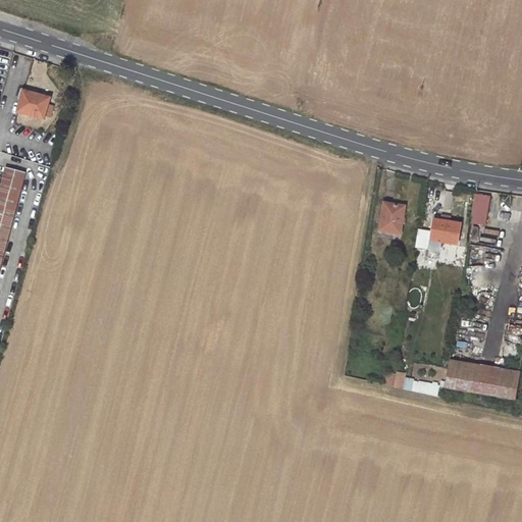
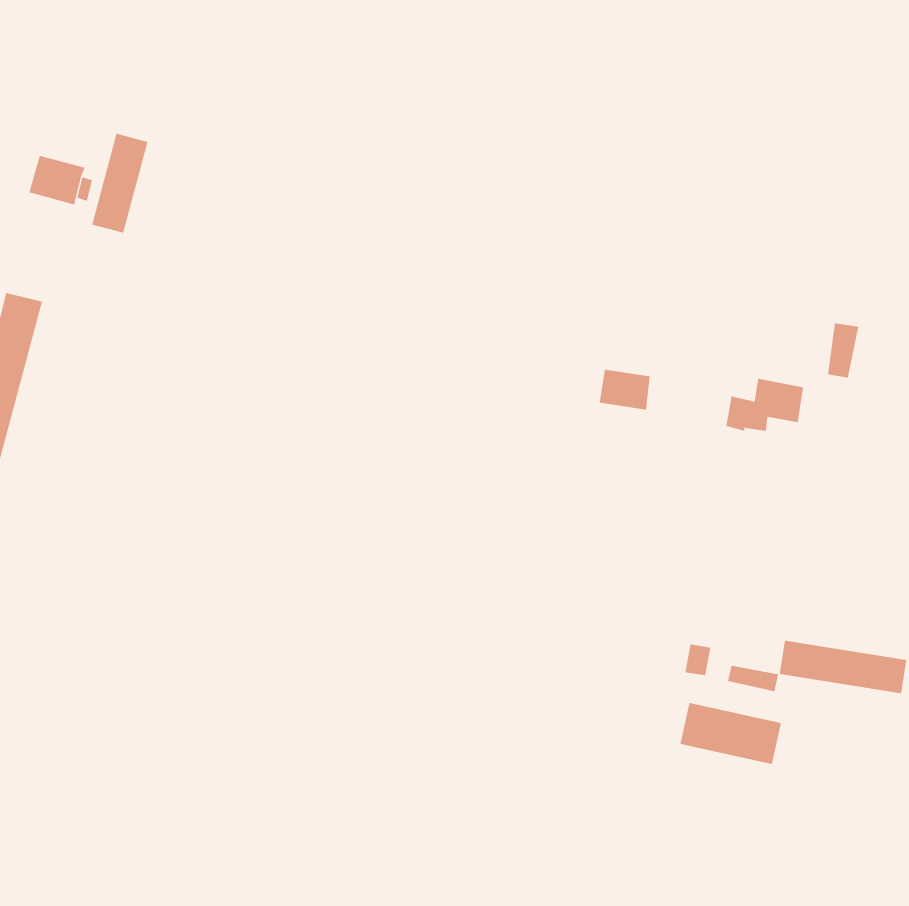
building: none -> [92,133,148,234]
building: [378,207,408,230] -> [599,369,650,410]
building: none -> [680,702,782,765]

